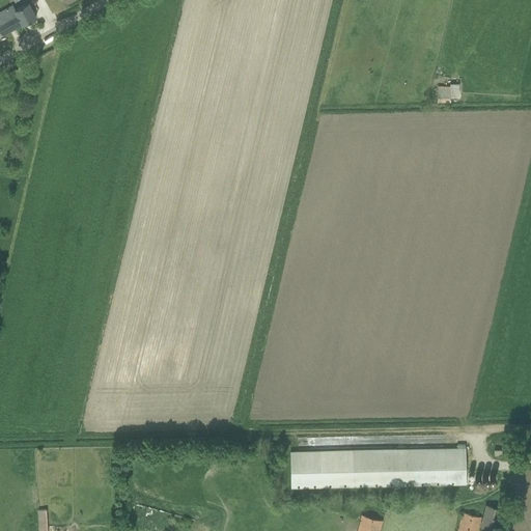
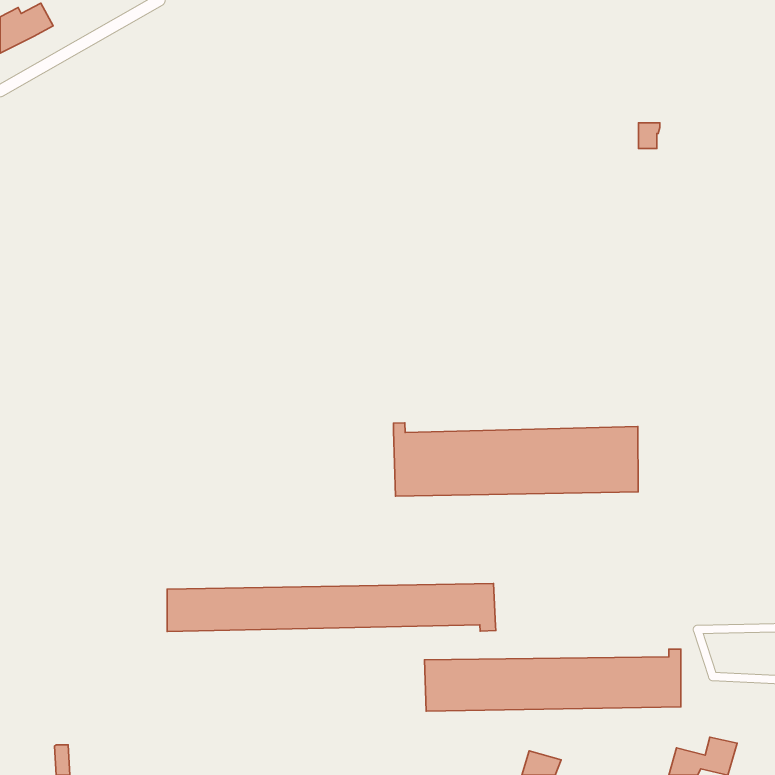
building: none -> [393,423,638,496]
building: none -> [167,584,496,632]

